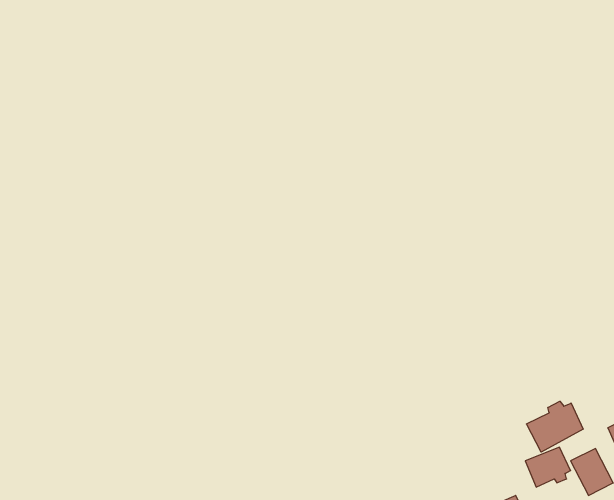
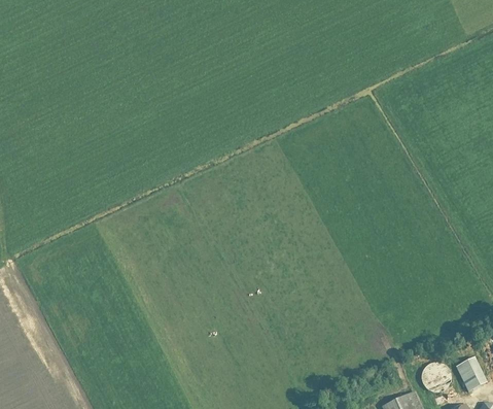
building: [526,401,583,452] -> none

